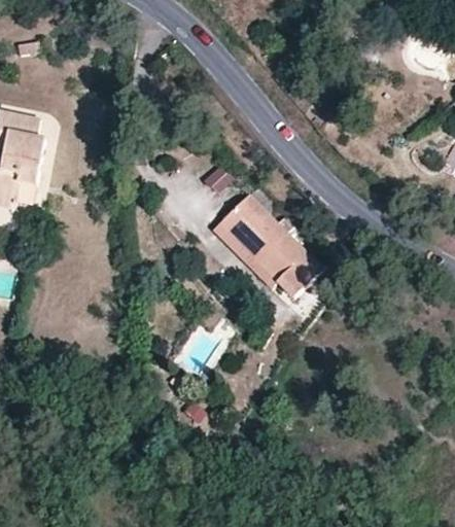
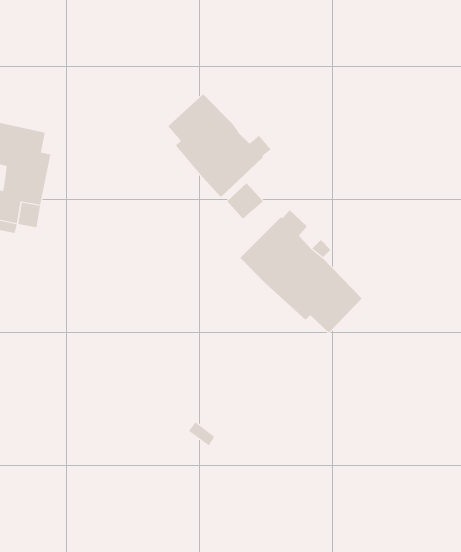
building: none -> [167,93,272,198]

